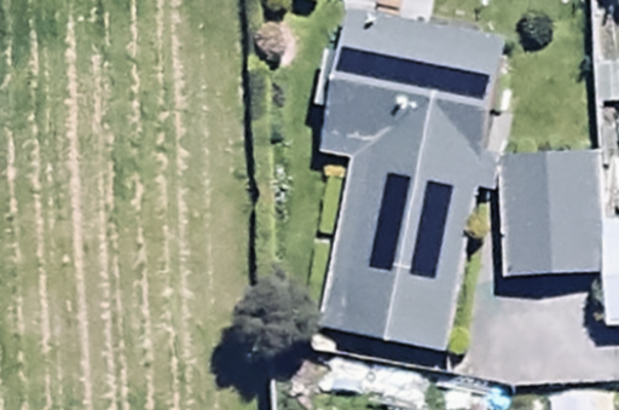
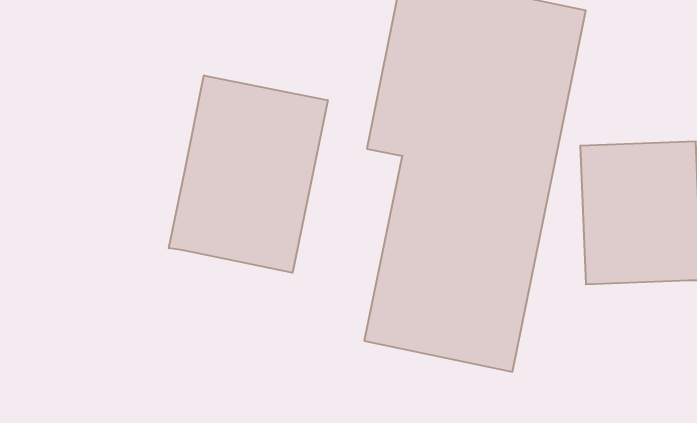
building: none -> [169,75,328,273]

